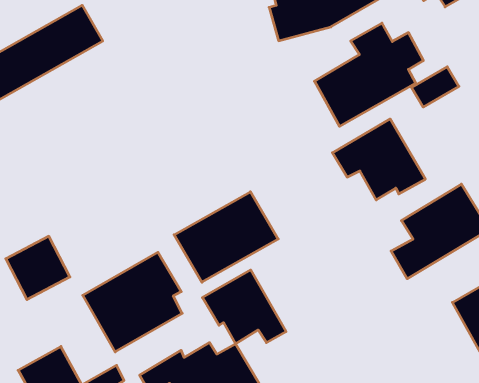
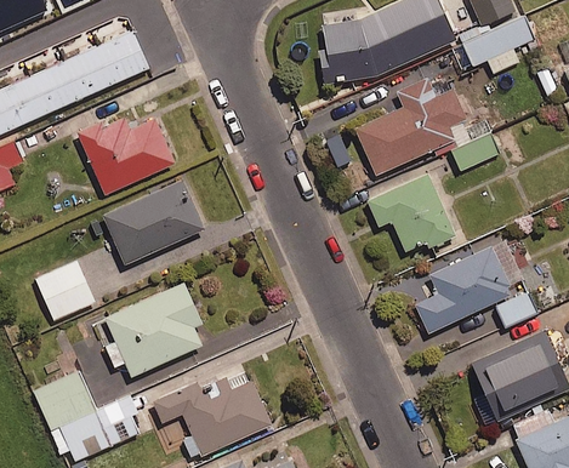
building: none -> [76,118,175,196]
building: [174,192,278,282] -> [102,181,205,266]
building: [202,270,286,344] -> none

